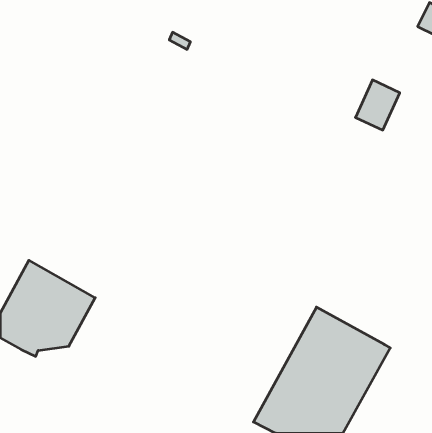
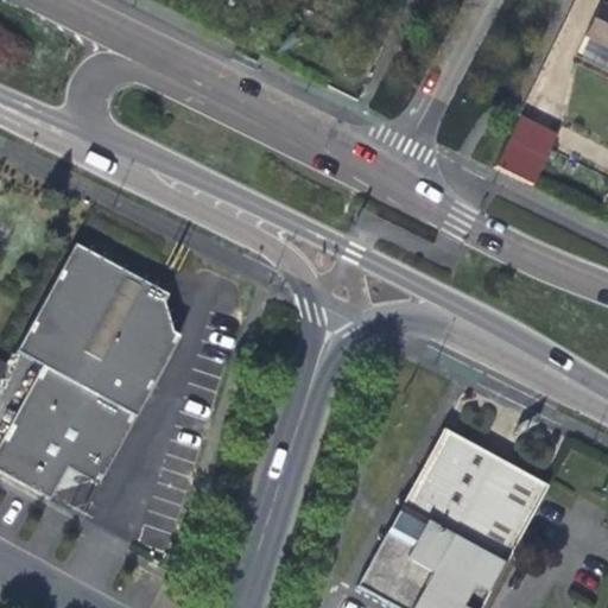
building: none -> [19,243,180,416]

